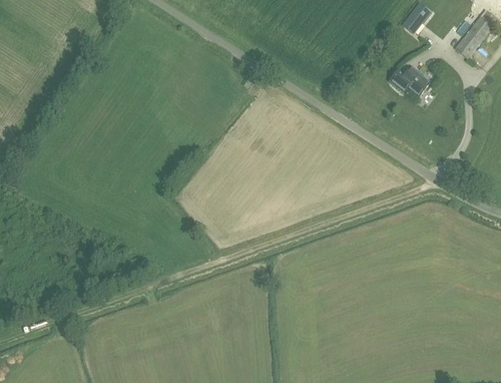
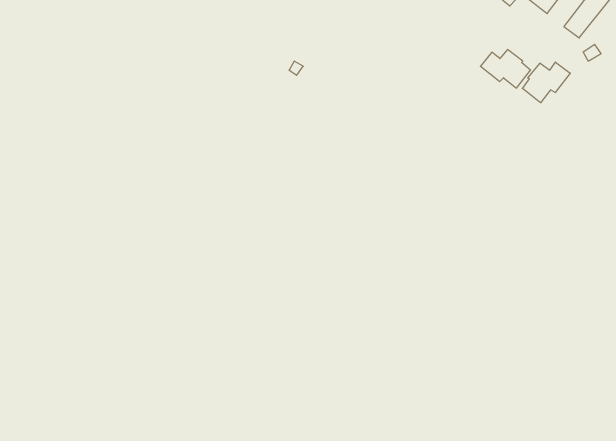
building: none -> [522,62,570,103]

